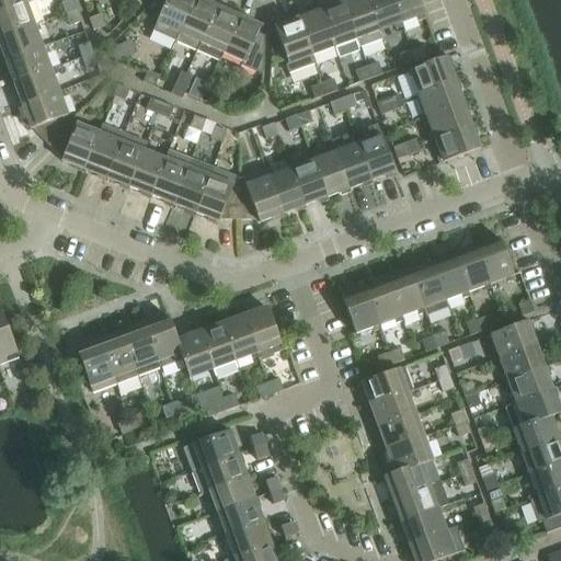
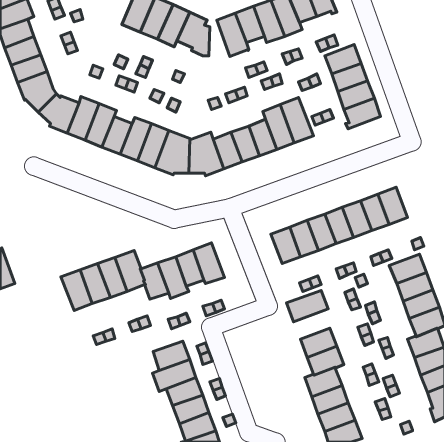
building: [370,391,416,427] -> none

